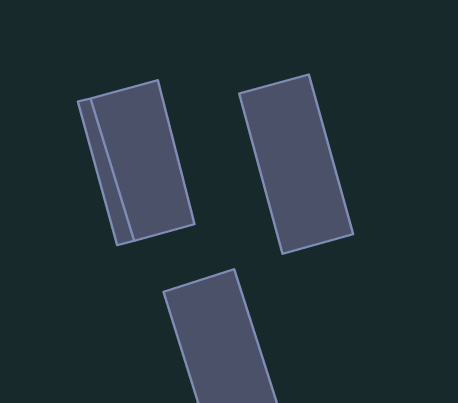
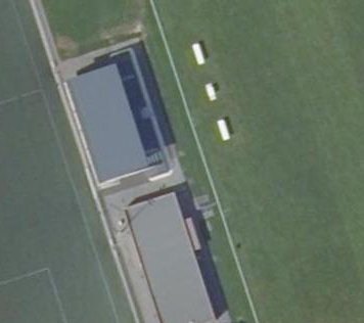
building: [239,75,353,254] -> none

